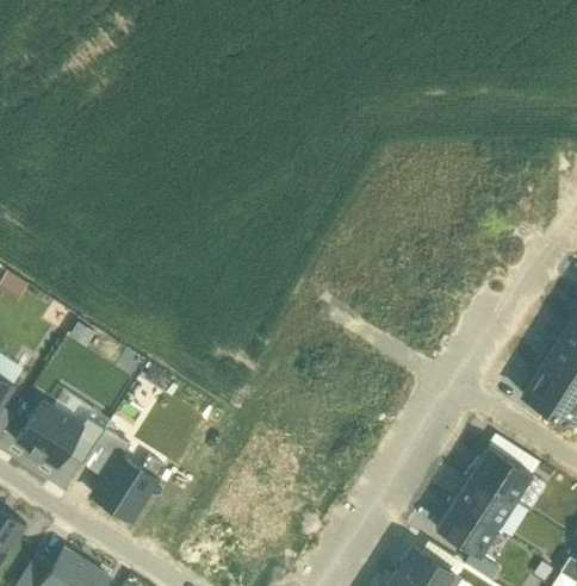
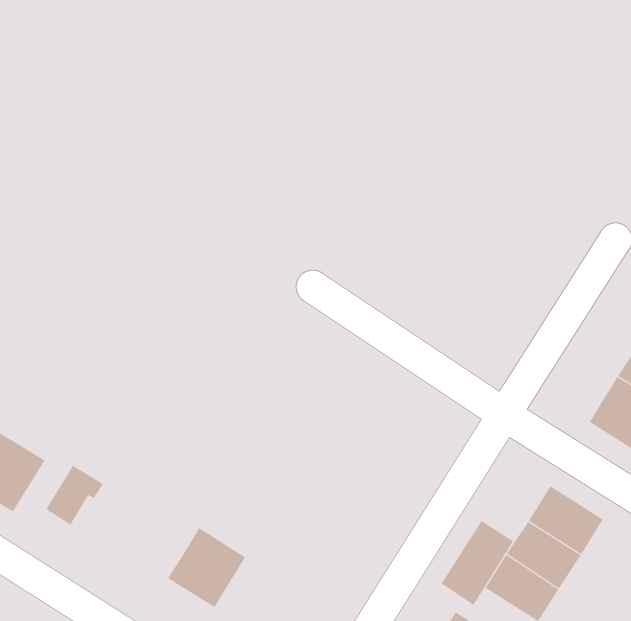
building: [68,418,107,465] -> none
building: [95,454,159,518] -> [167,528,246,608]
building: none -> [441,520,514,606]

